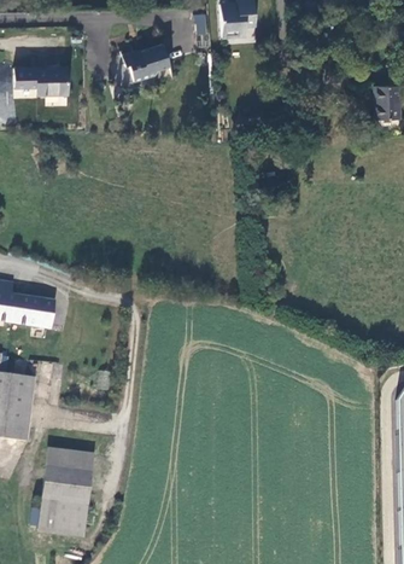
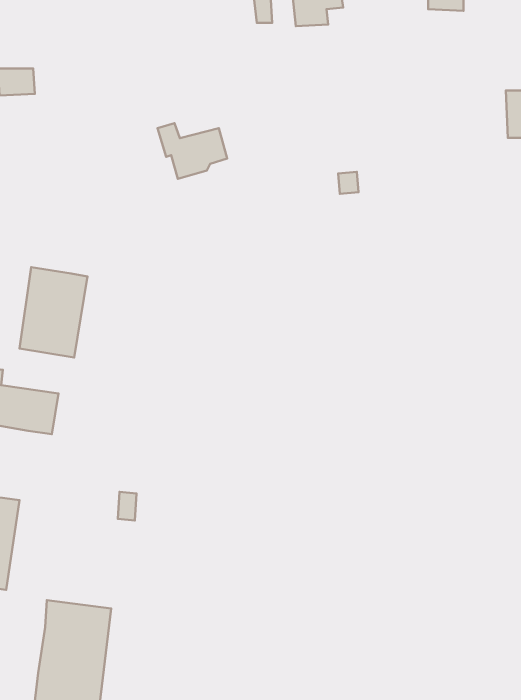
building: [122,41,171,81] -> [158,123,227,179]
building: [39,66,70,93] -> none
building: none -> [20,267,88,358]

